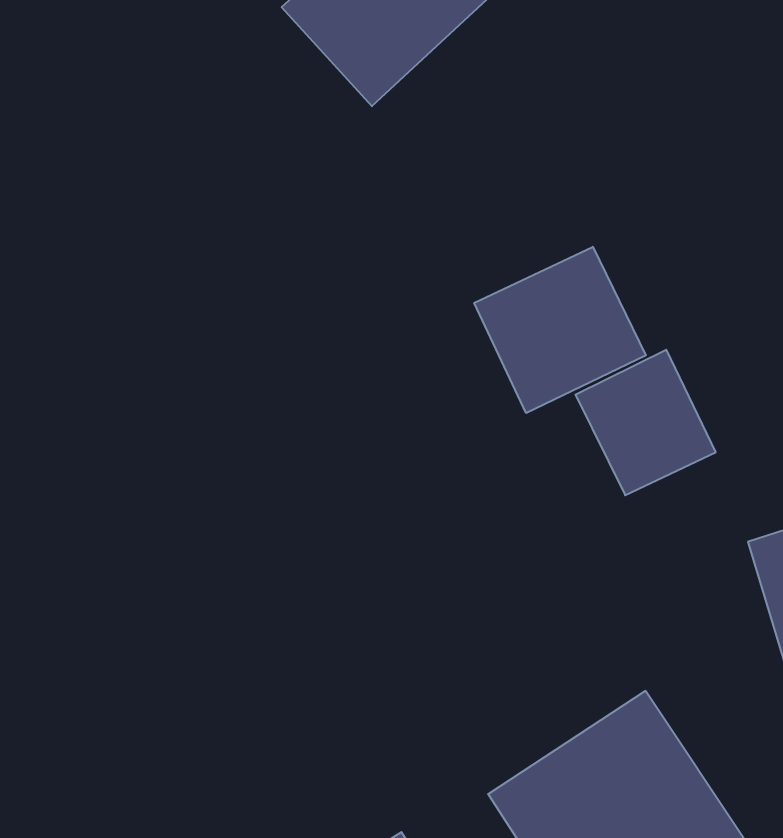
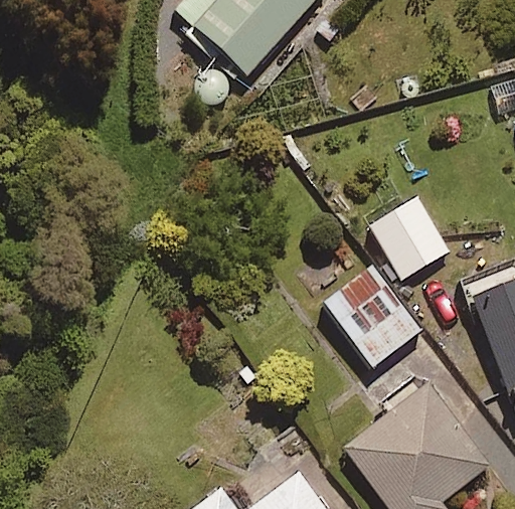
building: [474,247,646,413] -> none
building: none -> [322,266,419,366]

